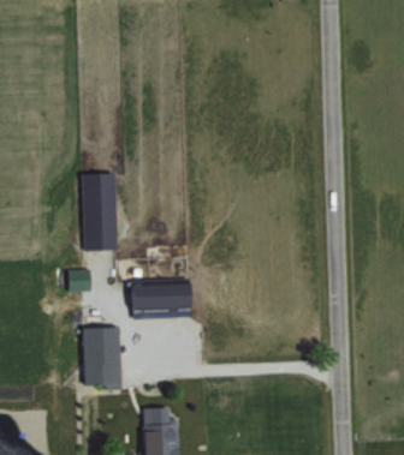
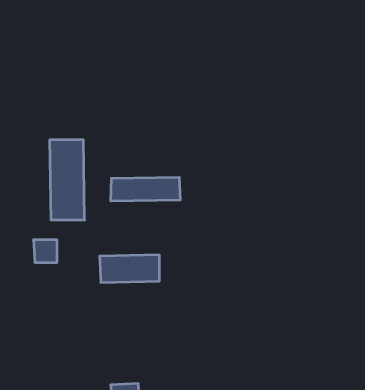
building: none -> [111,177,180,201]
building: [83,328,121,388] -> none

